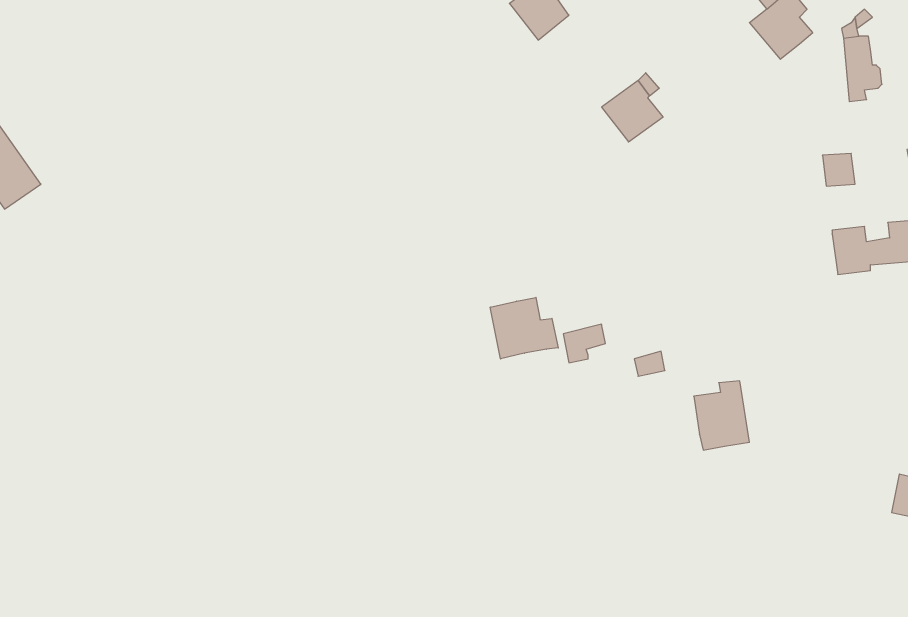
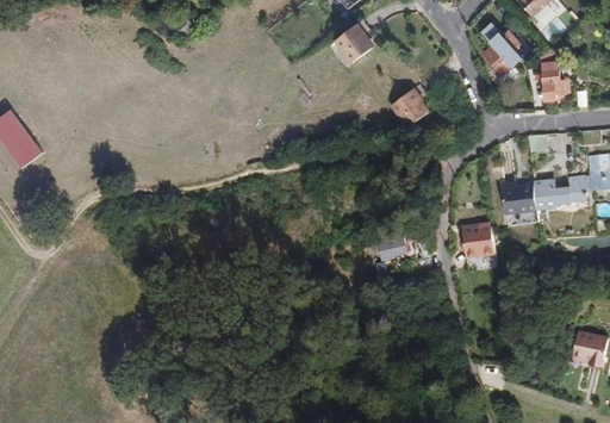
building: none -> [502,182,539,225]
building: [490,297,558,359] -> none
building: [694,381,749,450] -> [461,224,496,267]

